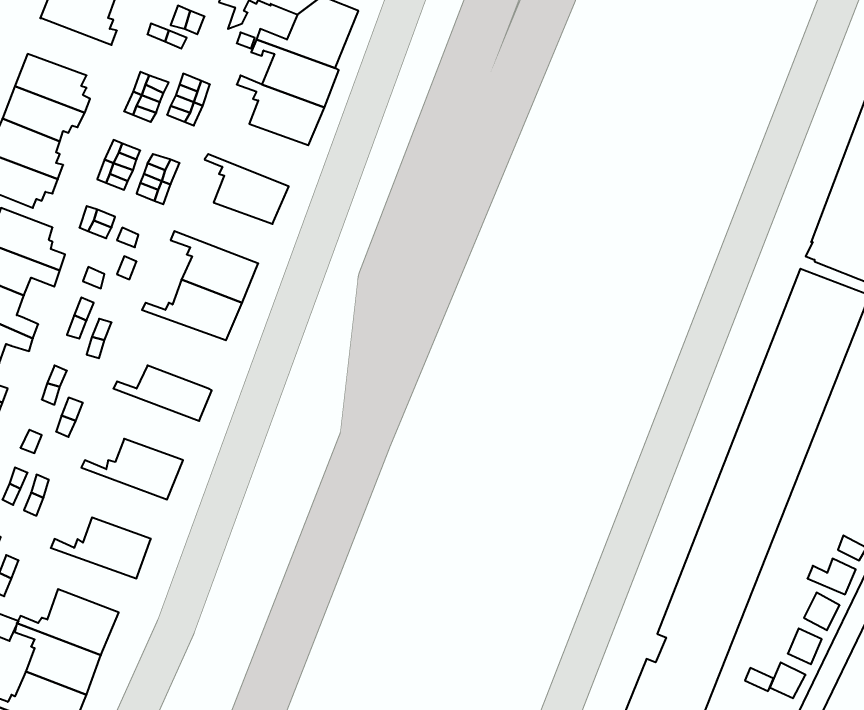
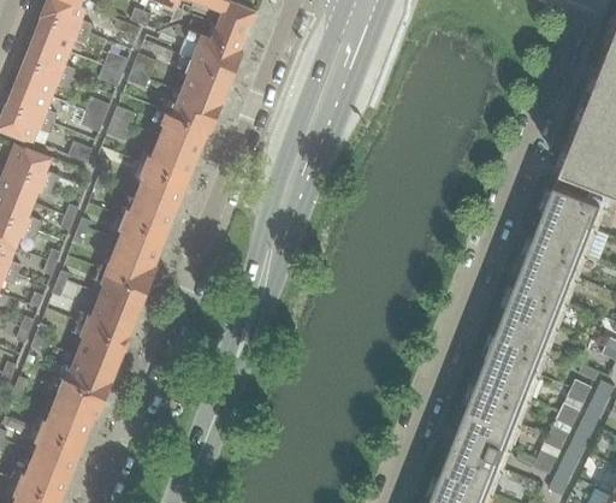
building: none -> [34,16,90,54]
building: none -> [155,87,223,130]
building: none -> [132,140,199,181]
building: none -> [108,212,167,265]
building: none -> [90,265,149,313]
building: none -> [69,318,128,366]
building: none -> [48,372,107,416]

